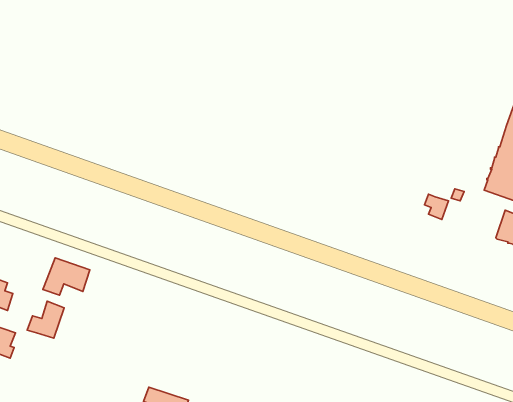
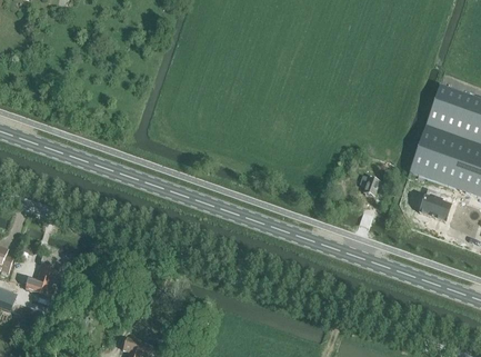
building: [43,258,90,295] -> none

